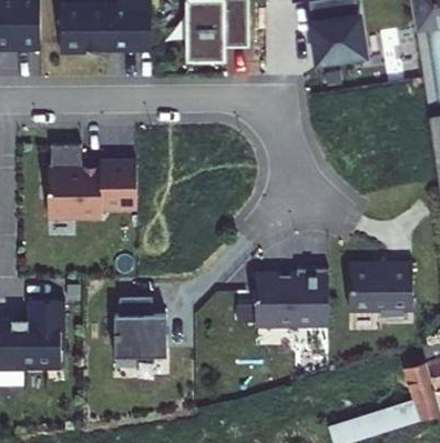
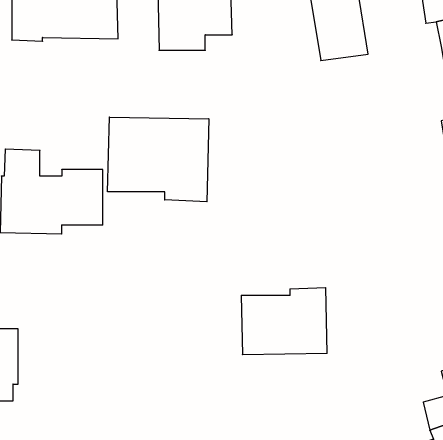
building: none -> [108,117,209,202]
building: [349,261,413,314] -> none
building: [110,299,162,361] -> none

